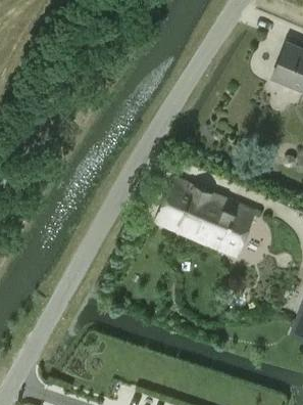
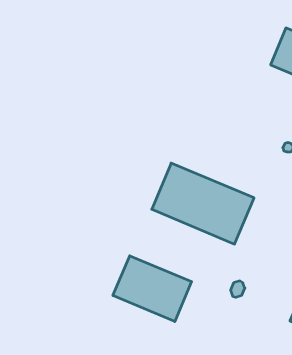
building: none -> [113,256,192,322]

